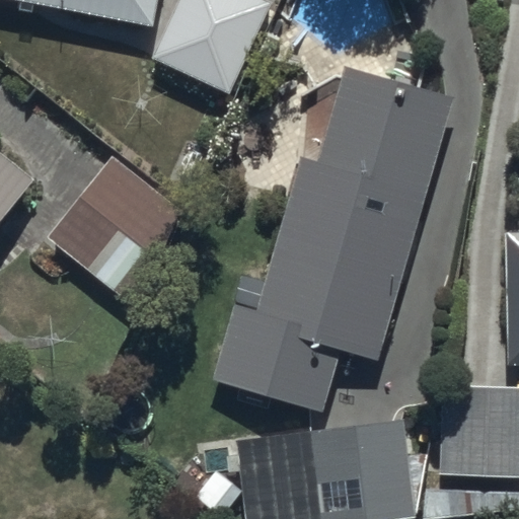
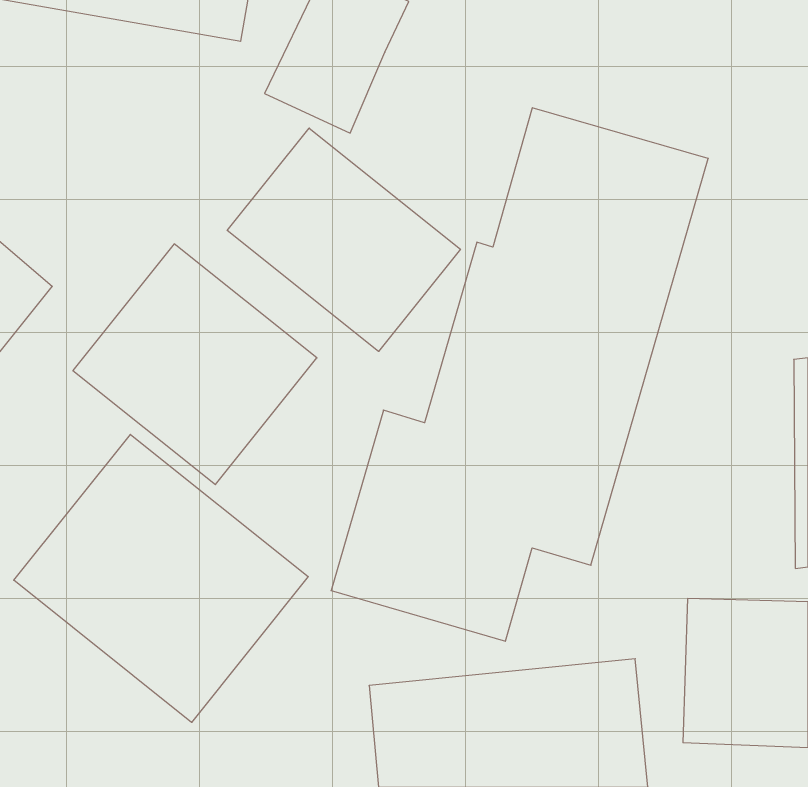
building: none -> [227,128,460,351]
building: none -> [14,434,308,722]

